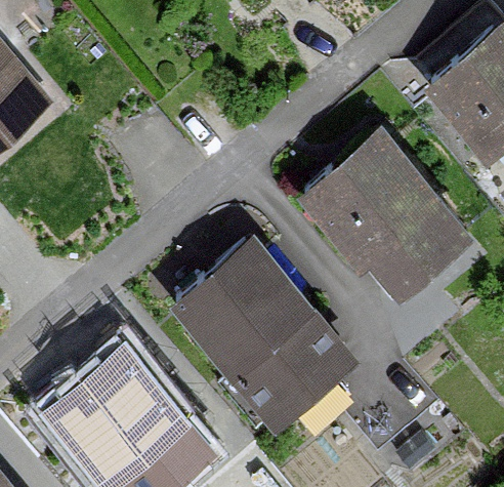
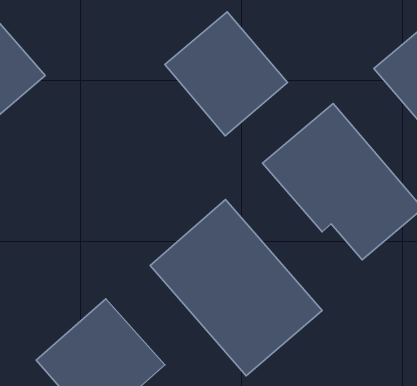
building: none -> [165,12,287,136]

